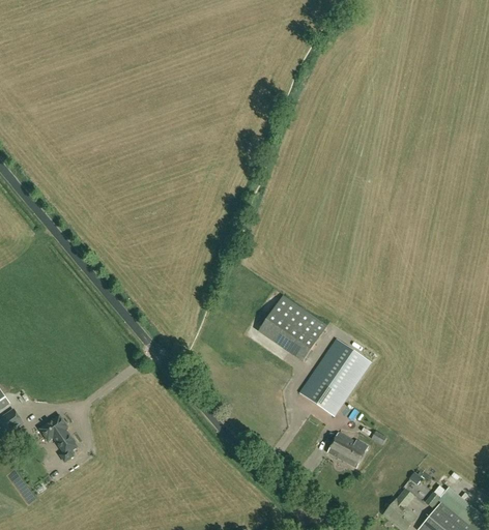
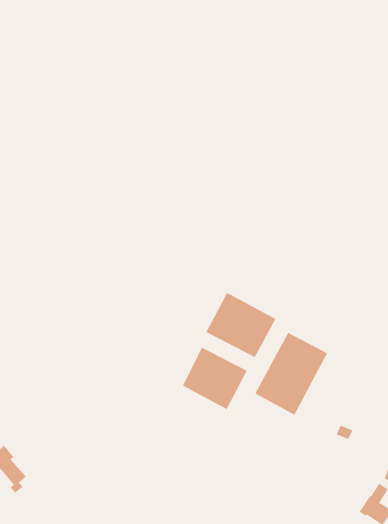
building: none -> [182,347,248,410]
building: [325,434,366,469] -> none

